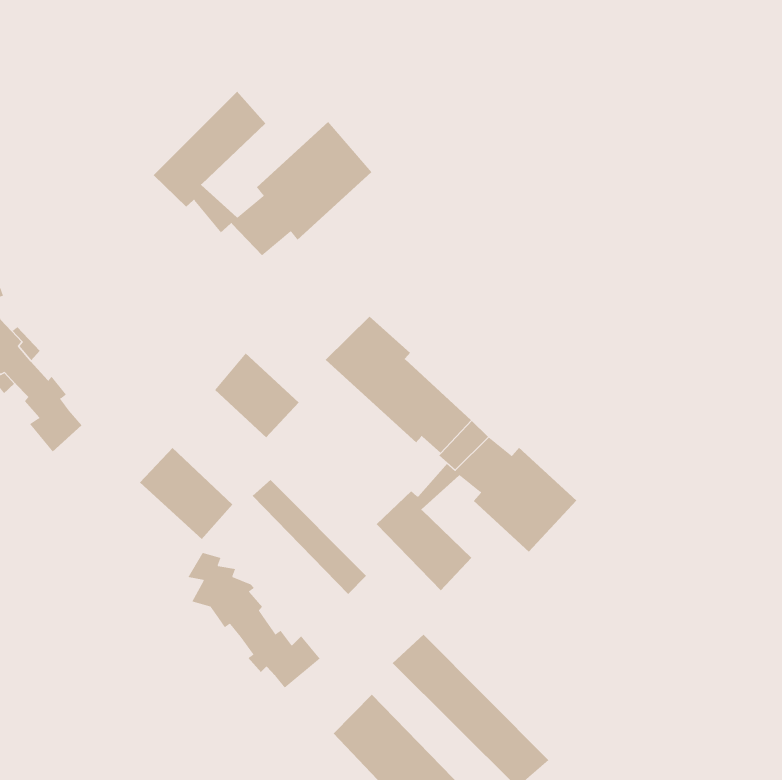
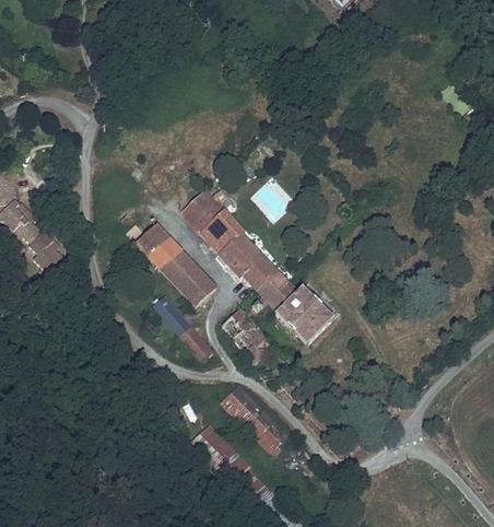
building: [153,91,372,256] -> none
building: none -> [180,188,224,231]
building: [139,447,233,540] -> [163,254,214,306]
building: [187,552,321,689] -> none

